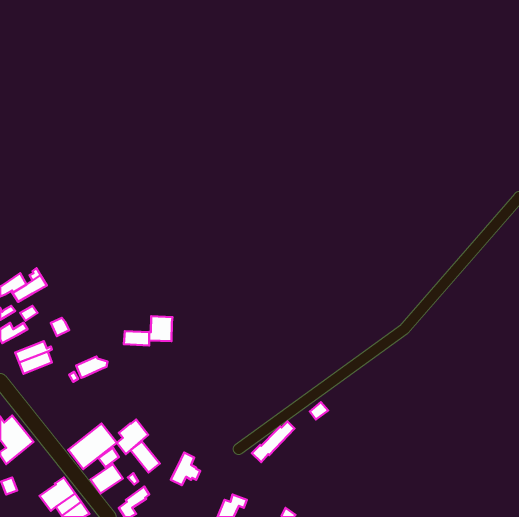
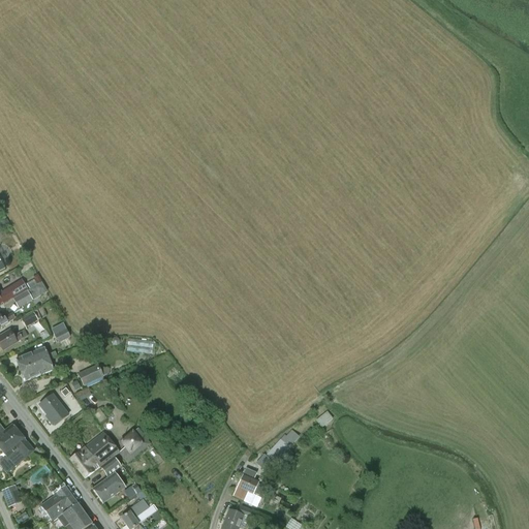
building: [149,316,172,341] -> none
building: none -> [39,394,68,424]
building: [130,441,160,472] -> none
building: [171,453,200,485] -> [232,466,262,499]

